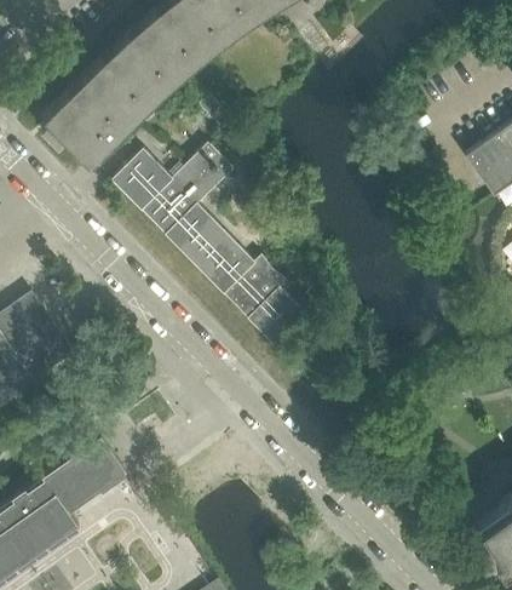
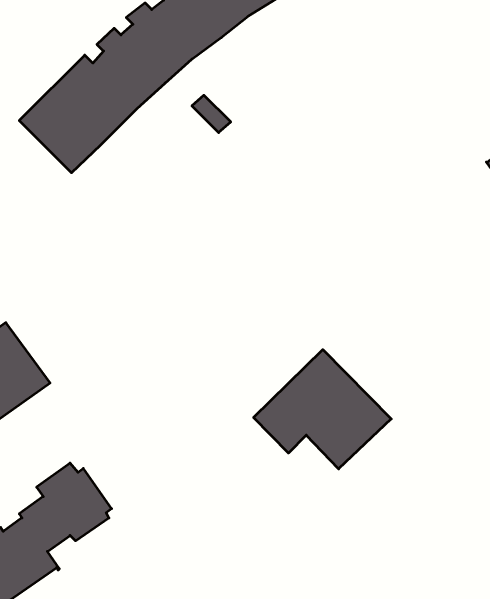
building: [113,144,310,349] -> none
building: none -> [254,350,391,469]

